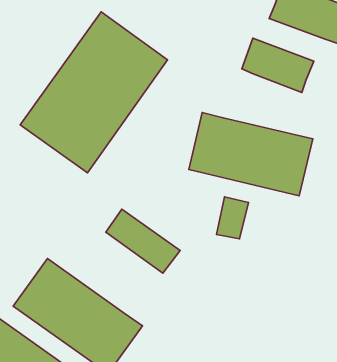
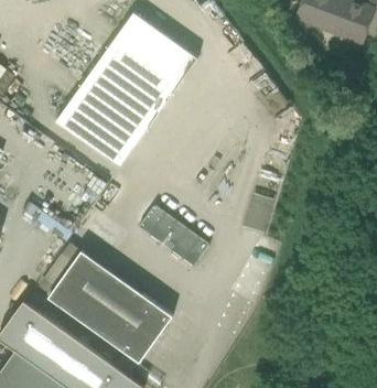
building: [242,38,314,93] -> none
building: [189,112,313,196] -> none

